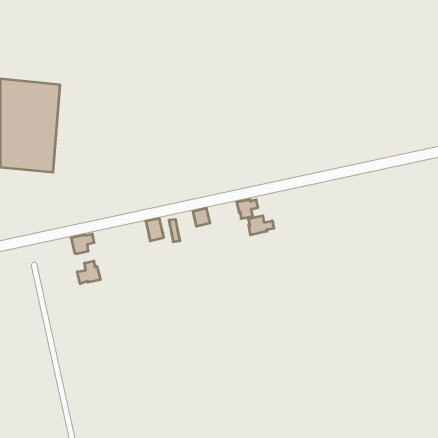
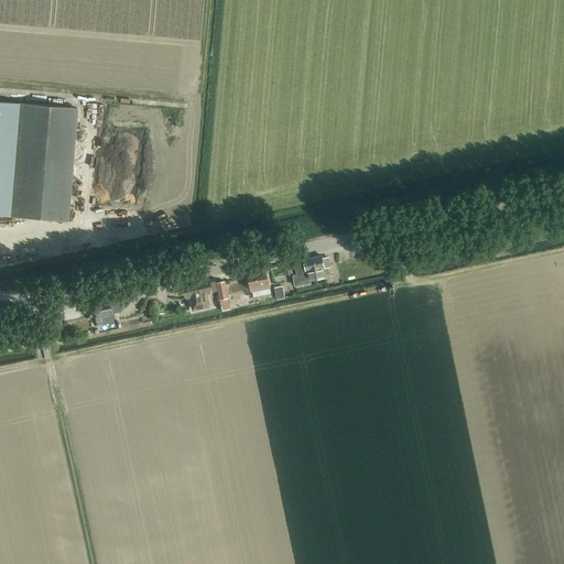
building: [248,216,274,235] -> none
building: [77,261,100,284] -> none

